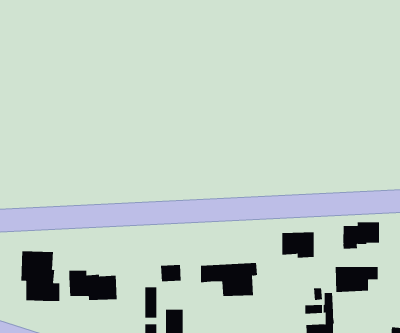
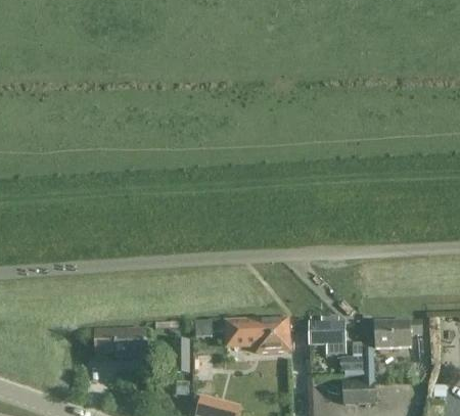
building: [343,222,380,249] -> none
building: [281,232,315,258] -> [310,321,344,349]
building: [21,251,60,302] -> none

